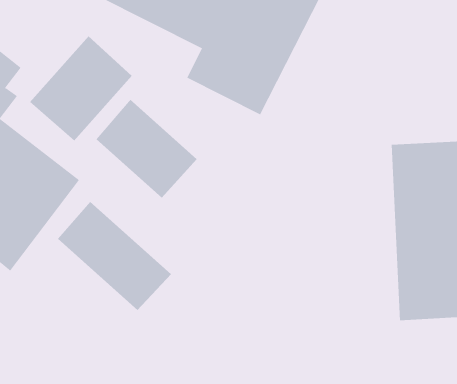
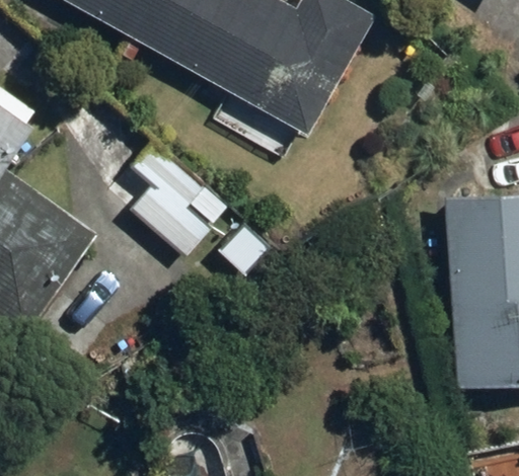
building: [29,35,133,141] -> none
building: [57,201,172,311] -> none

